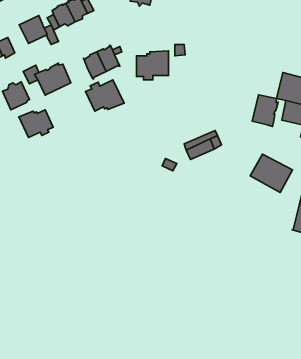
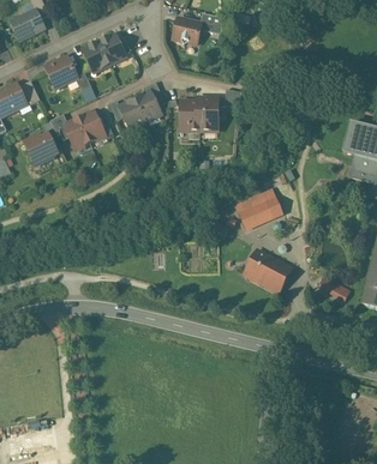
building: [86,80,124,111] -> none
building: [252,95,278,126] -> none
building: [19,110,53,138] -> none
building: [250,154,293,192] -> [243,248,292,293]

